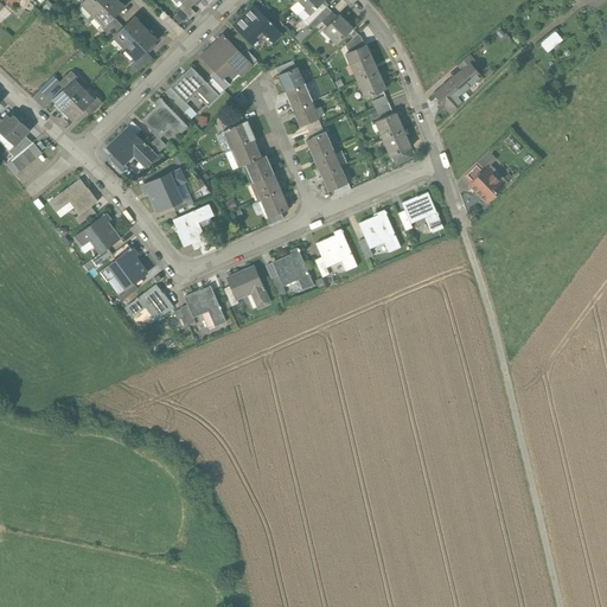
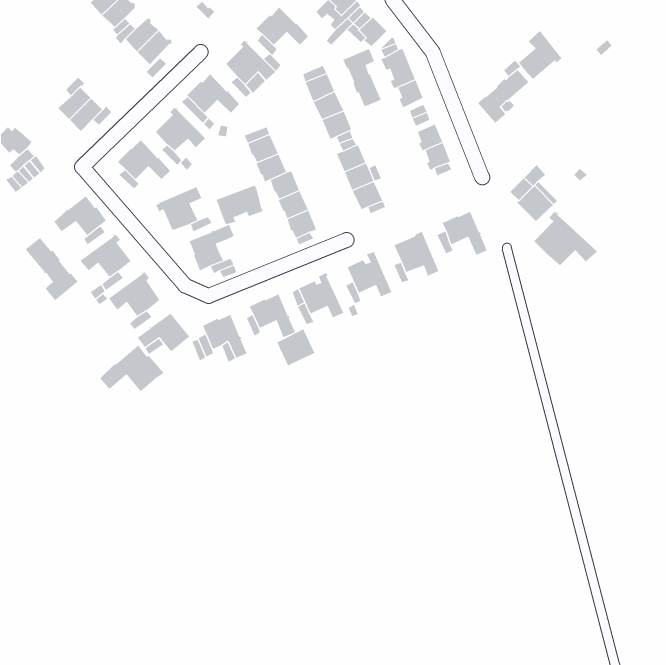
building: none -> [518,30,563,80]
building: none -> [343,48,382,107]
building: none -> [216,185,264,225]
building: none -> [534,211,598,266]
building: none -> [25,237,79,301]
building: none -> [277,329,315,367]
building: none -> [99,344,165,392]

